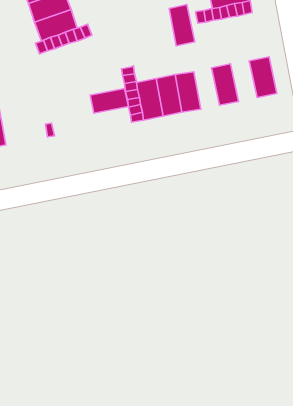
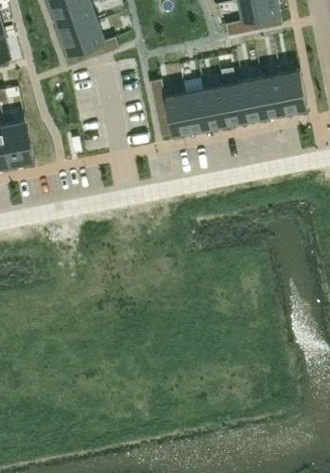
building: [169,4,195,46] -> [222,80,249,122]
building: none -> [260,72,287,114]
building: [90,89,128,113] -> none

